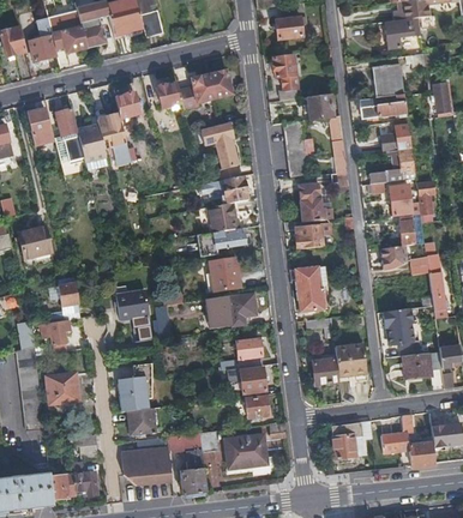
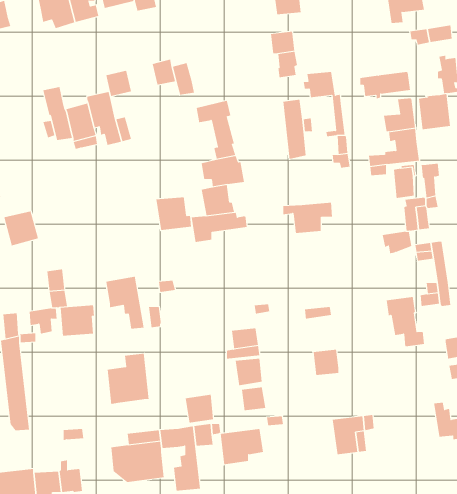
building: [28,35,58,62] -> none
building: [372,62,403,97] -> [418,94,451,130]
building: [192,68,233,102] -> none
building: [28,108,52,144] -> none
building: [299,183,332,221] -> none
building: [205,258,240,290] -> [156,197,192,231]
building: [290,266,326,313] -> none
building: [210,294,255,326] -> none
building: [335,343,367,381] -> none
building: [402,351,441,378] -> none
building: [44,373,78,403] -> [60,305,95,336]
building: [127,406,155,434] -> [185,394,214,423]
building: [381,414,435,468] -> none

